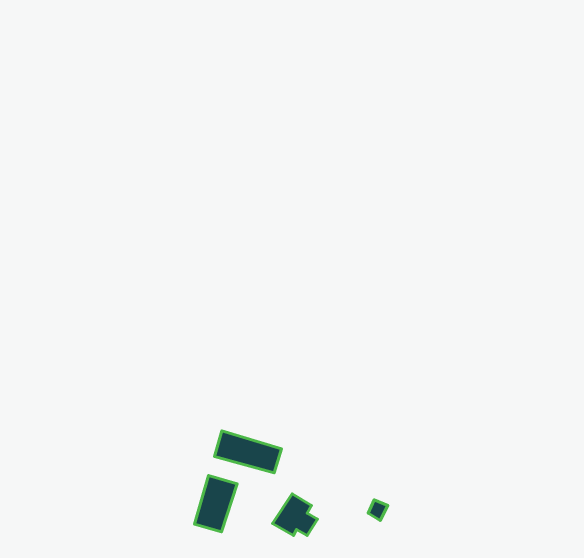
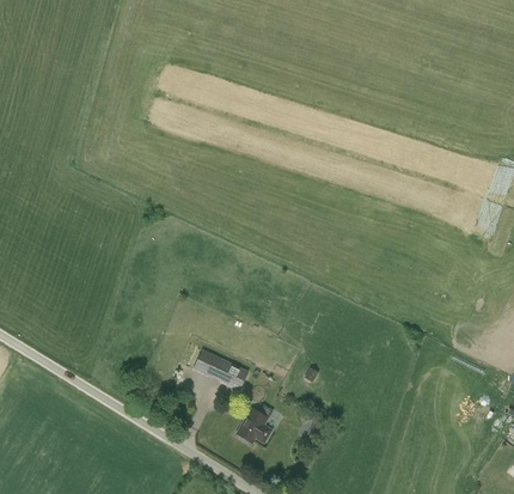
building: [195,475,237,532] -> none

